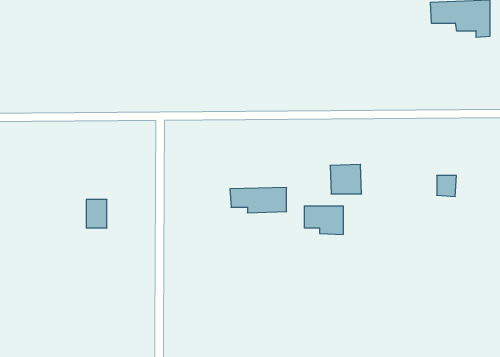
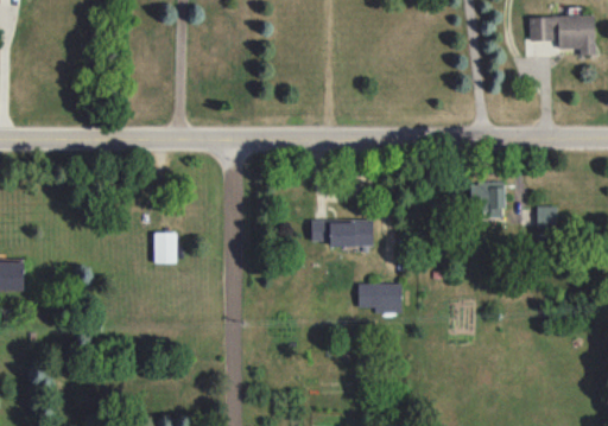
building: [330,164,362,194] -> [470,183,505,215]
building: [304,206,343,234] -> [359,284,401,314]

